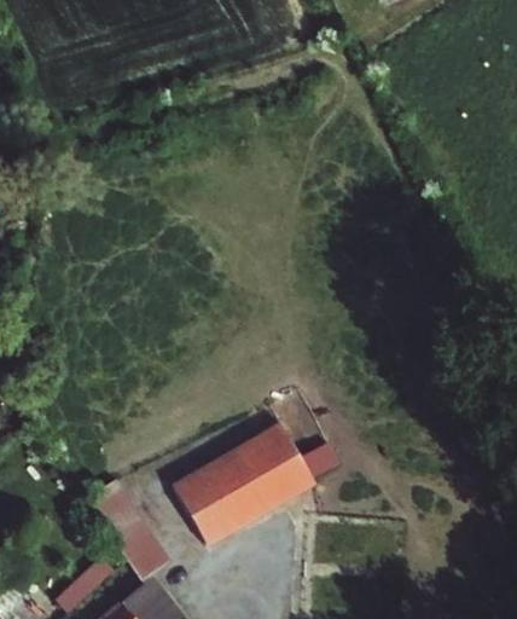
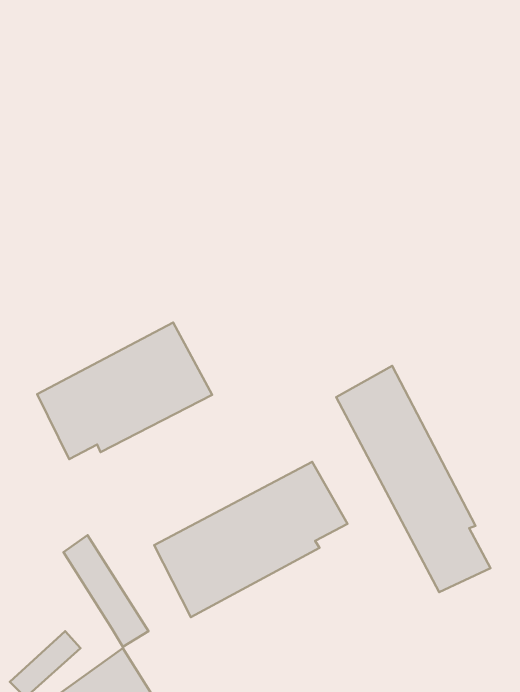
building: none -> [37,322,212,459]
building: none -> [336,366,490,592]

